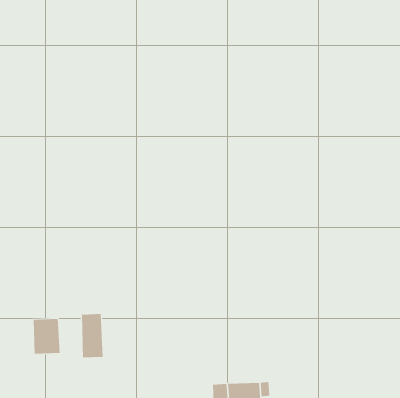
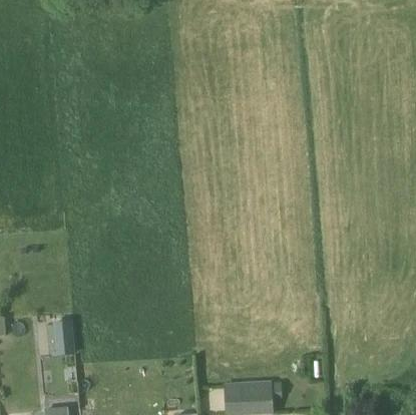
building: [81,313,103,358] -> none

